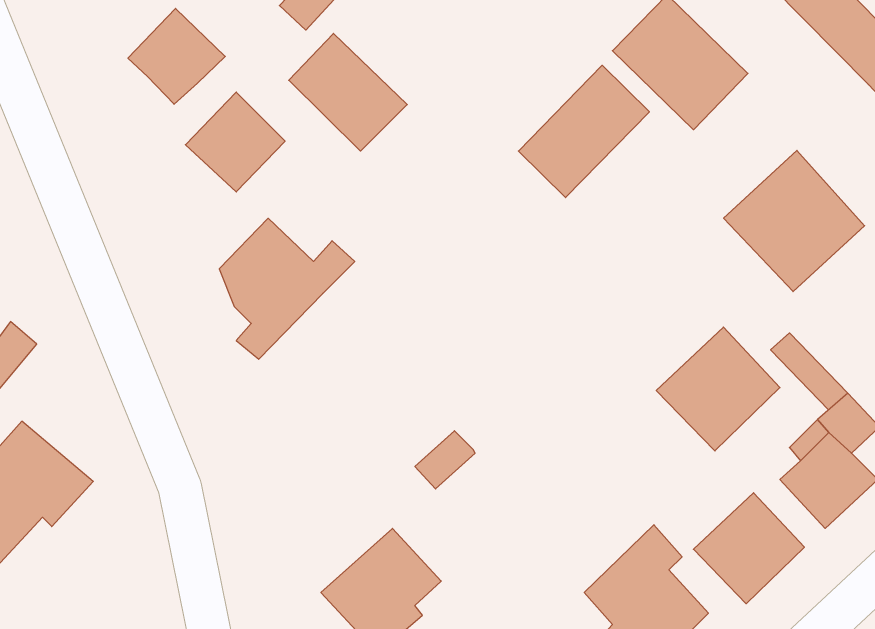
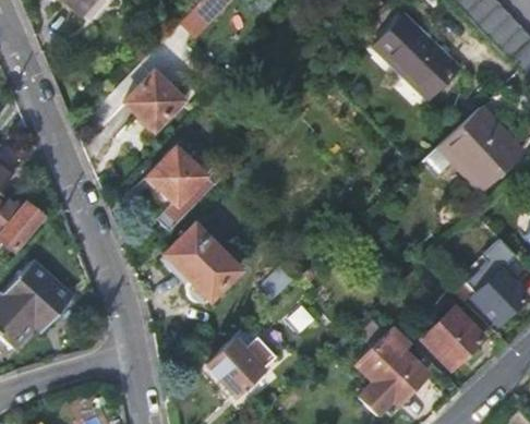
building: [128,8,225,104] -> none
building: [289,33,407,151] -> none
building: [518,65,649,198] -> none
building: [656,327,780,451] -> none
building: none -> [165,223,239,303]

